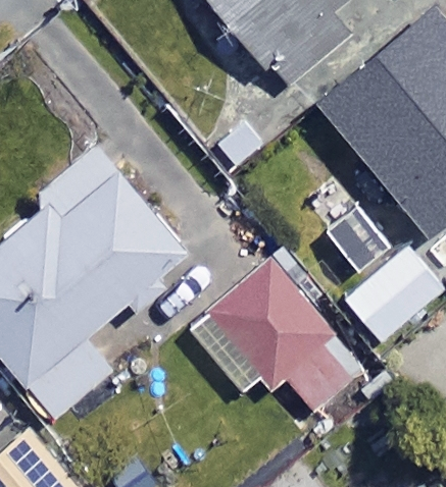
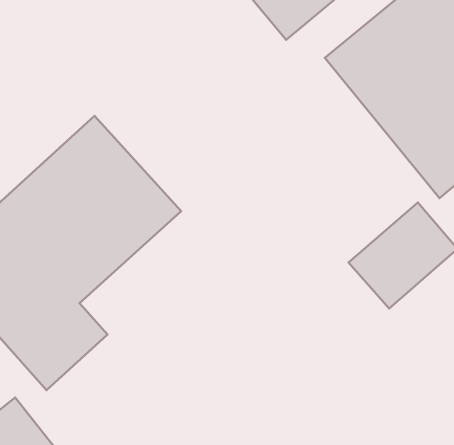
building: [188,258,364,409] -> none

